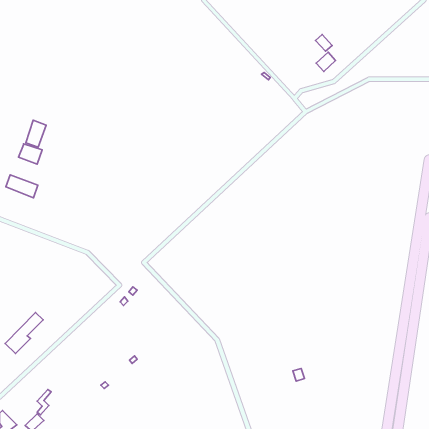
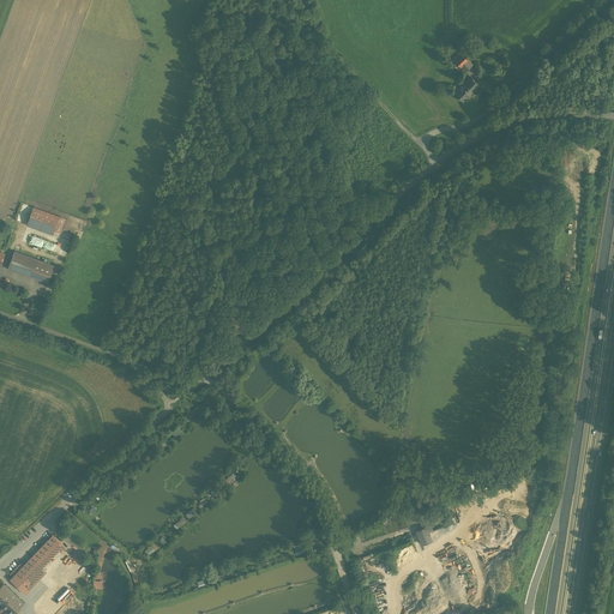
building: [26,120,46,147] -> none
building: [5,312,43,354] -> [10,536,64,595]

